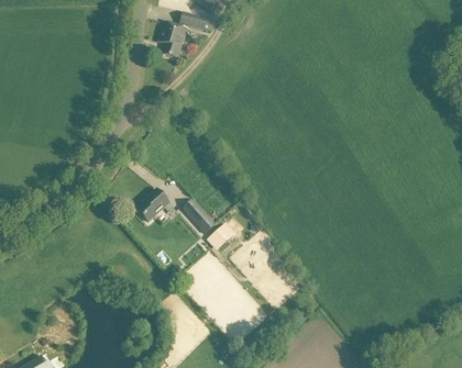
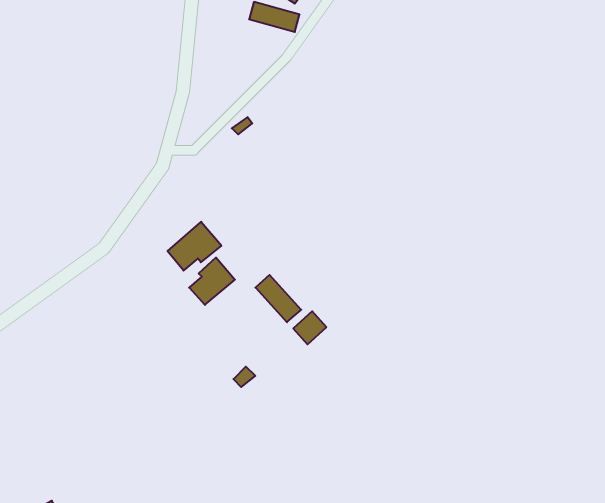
building: [157,21,189,58] -> none
building: none -> [168,222,221,271]

